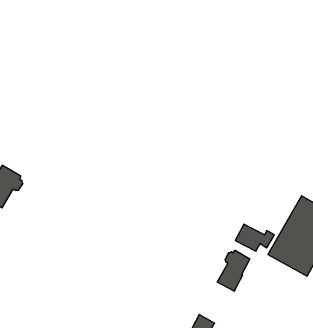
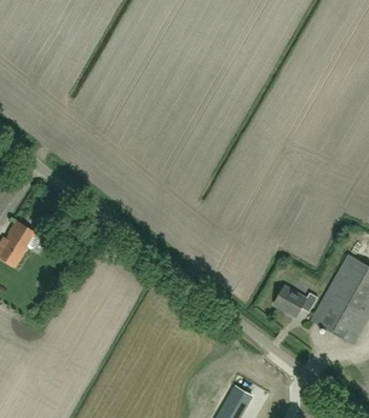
building: [217,250,250,291] -> none

